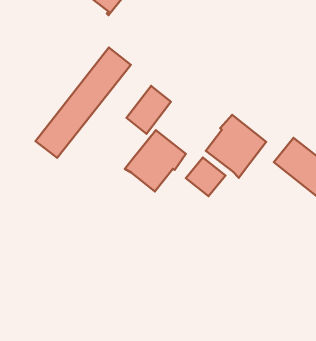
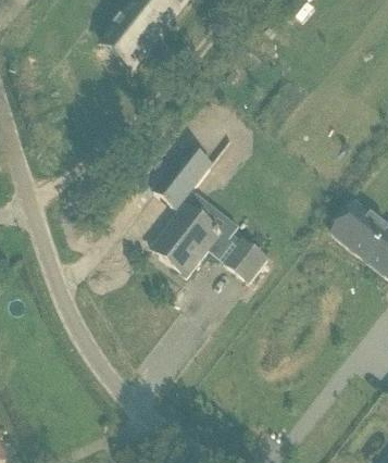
building: [36,47,131,158] -> none
building: [206,115,266,178] -> none

